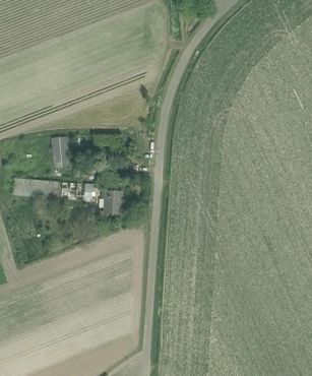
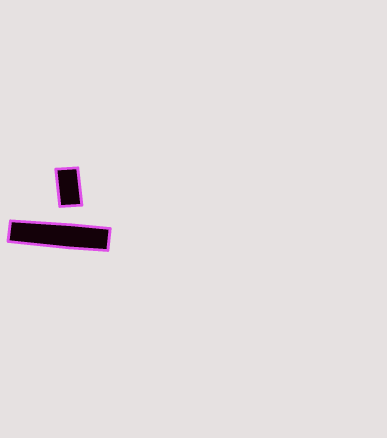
building: [100,190,122,213] -> none

